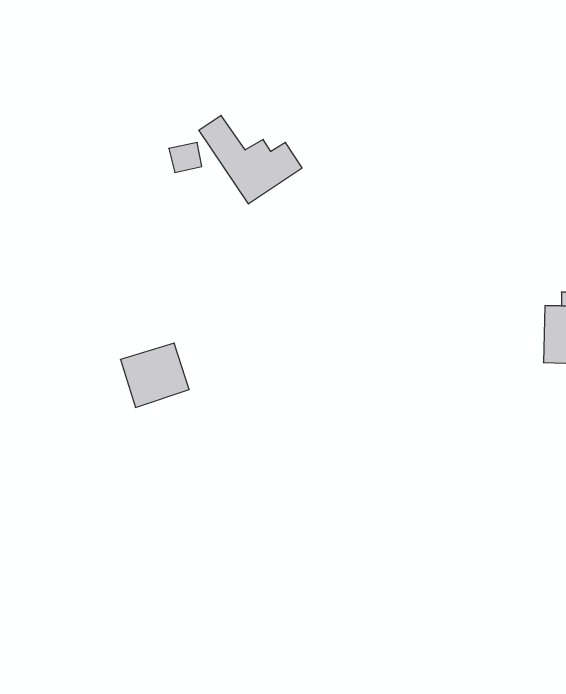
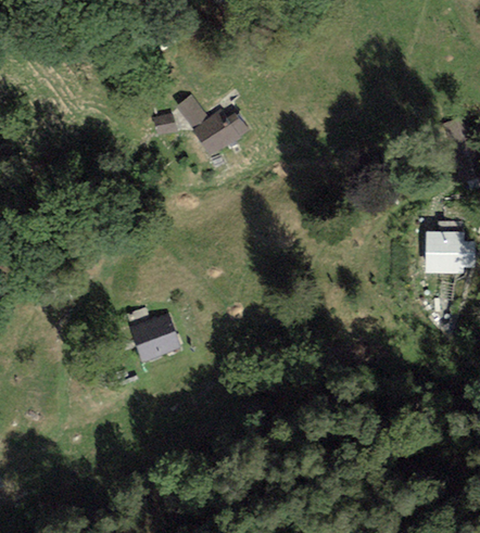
building: [120,343,189,407] -> [129,314,179,360]

